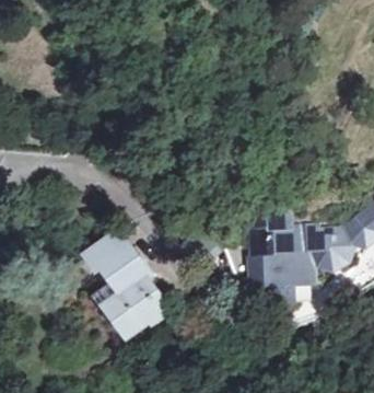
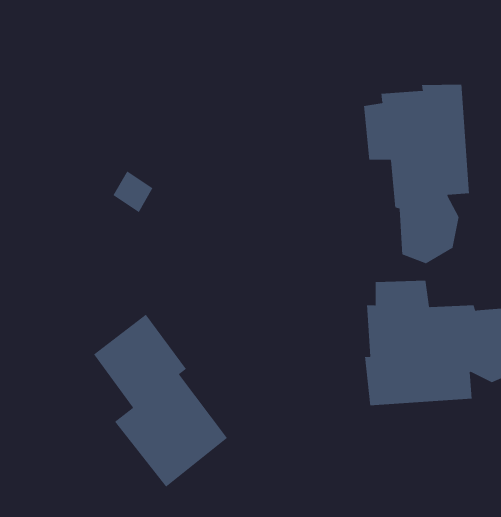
building: none -> [364,84,469,264]

